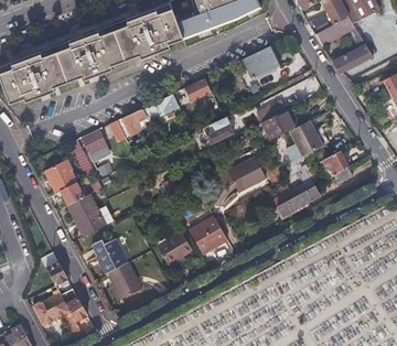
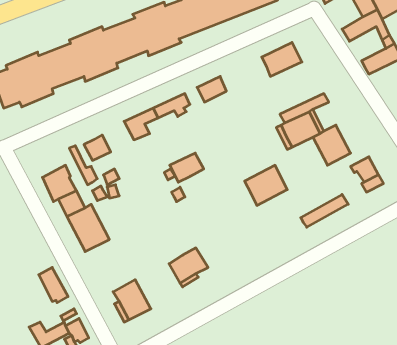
building: [203,116,234,142] -> [170,153,204,182]
building: [189,216,227,253] -> none
building: [90,238,128,274] -> none

